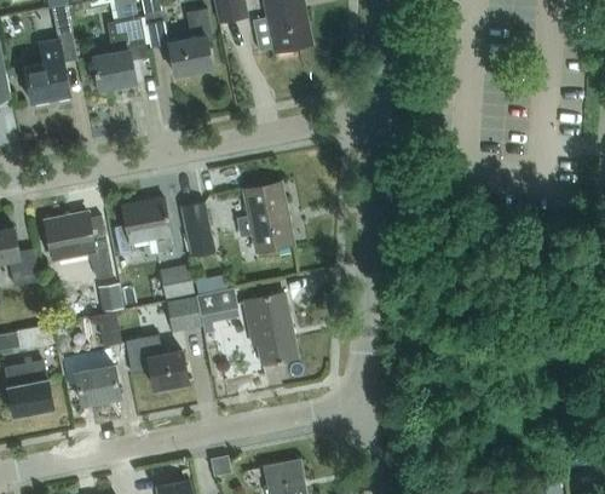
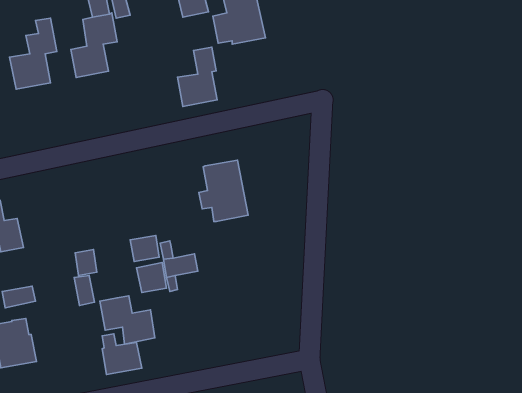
building: [168,8,213,75] -> [177,47,217,106]
building: [122,199,171,252] -> none
building: [181,205,215,259] -> none
building: [46,213,113,278] -> none
building: [246,293,298,363] -> none
building: [76,357,121,403] -> [102,334,142,375]

